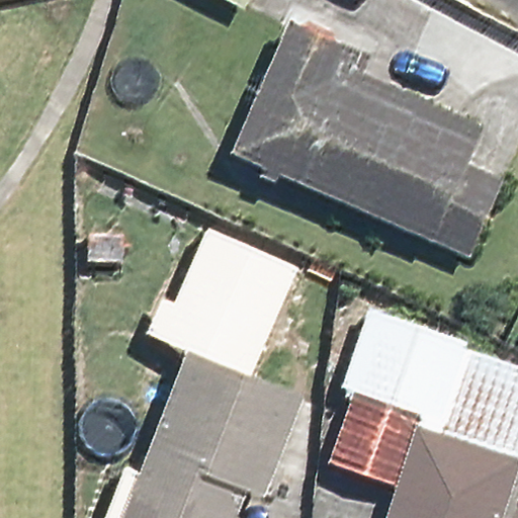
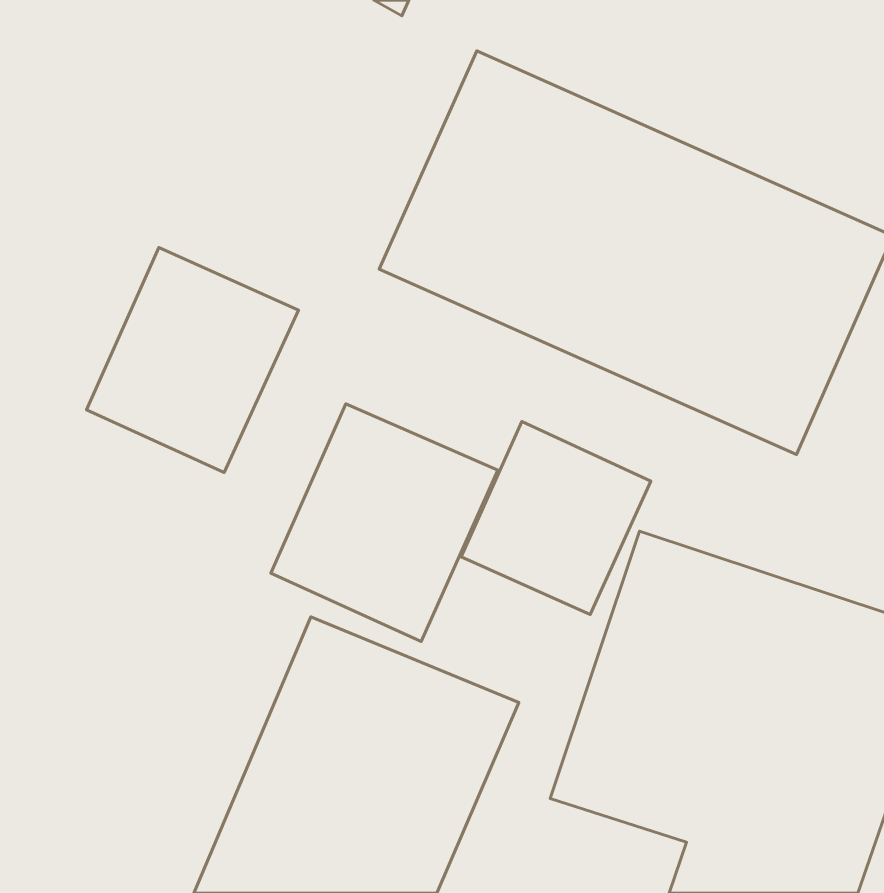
building: none -> [86,247,299,473]
building: none -> [461,422,651,615]

